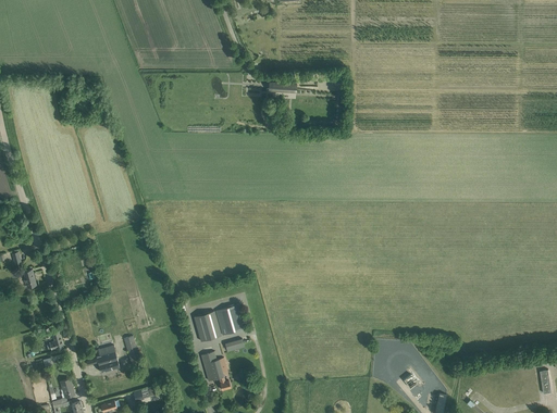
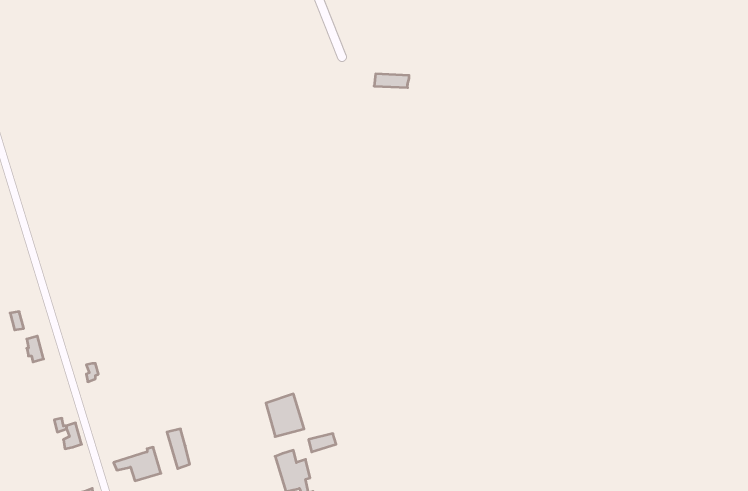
building: [215,304,245,335] -> none

